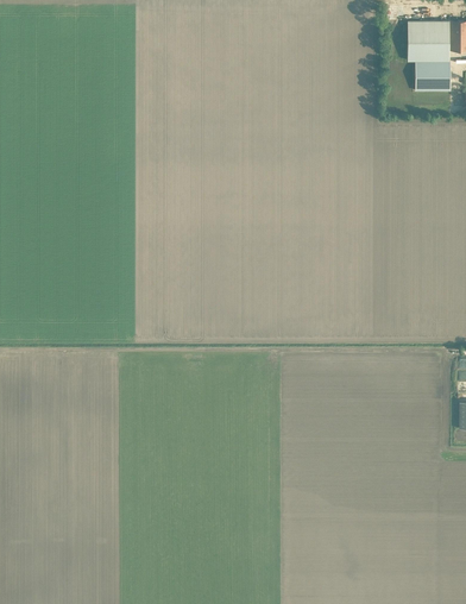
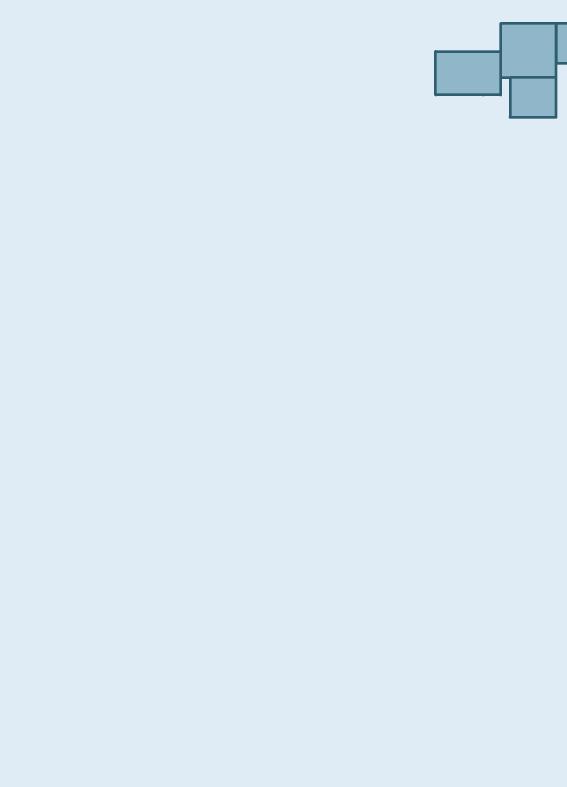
building: none -> [436,51,501,95]

